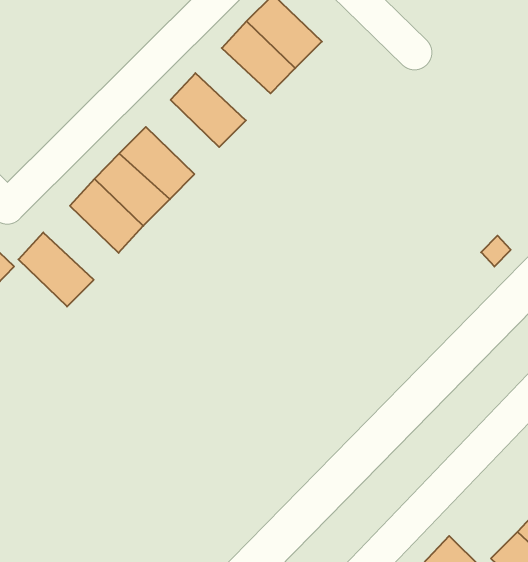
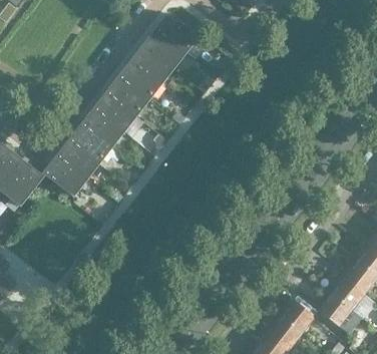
building: none -> [130,45,172,83]
building: none -> [106,76,147,115]
building: none -> [56,139,98,179]

